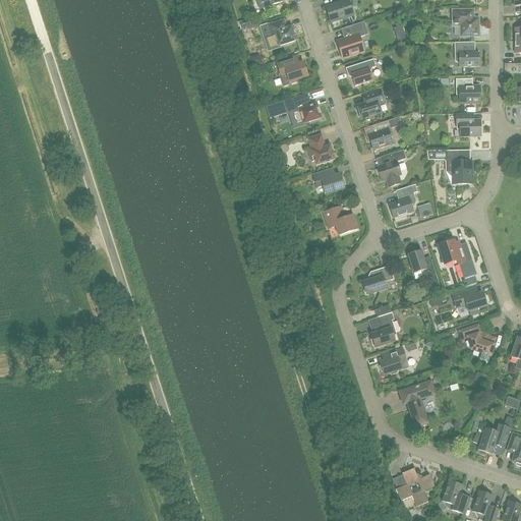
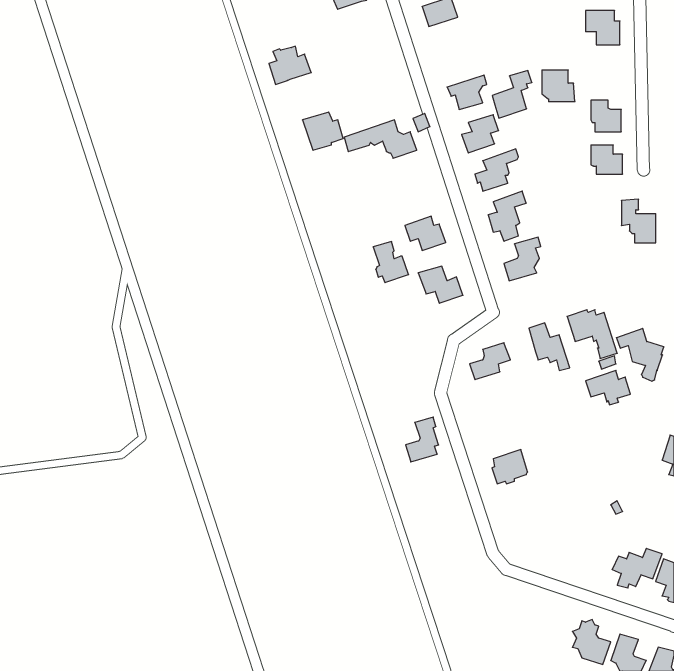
building: [264,18,296,48] -> [269,46,311,84]
building: [337,20,367,57] -> [492,71,532,118]
building: [454,41,479,65] -> [542,70,575,102]
building: [276,55,307,84] -> [302,112,343,150]
building: [307,132,335,164] -> [373,242,409,283]
building: [446,149,472,182] -> [621,199,656,243]
building: [370,311,396,346] -> [406,417,439,462]
building: [458,323,495,363] -> [616,328,664,381]
building: [399,380,435,425] -> none
building: [396,467,433,506] -> none

